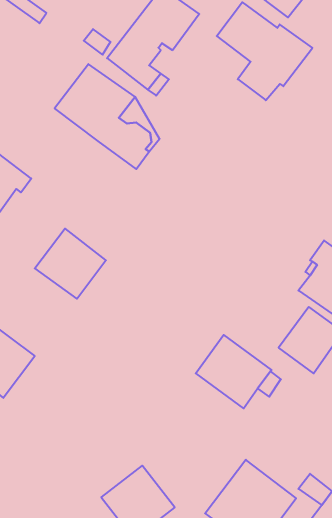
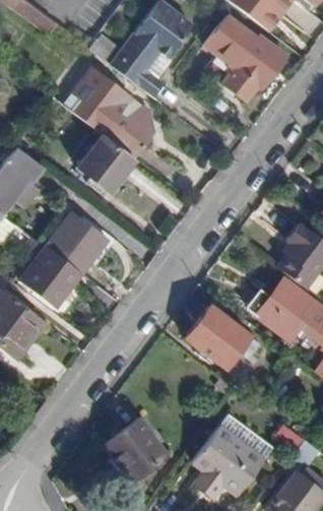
building: none -> [77,136,134,192]
building: none -> [20,247,82,307]

